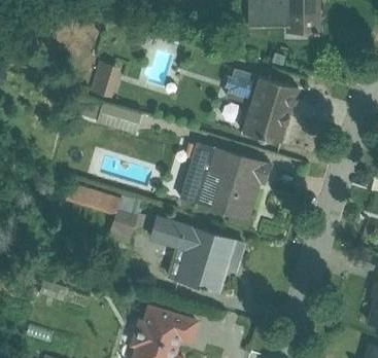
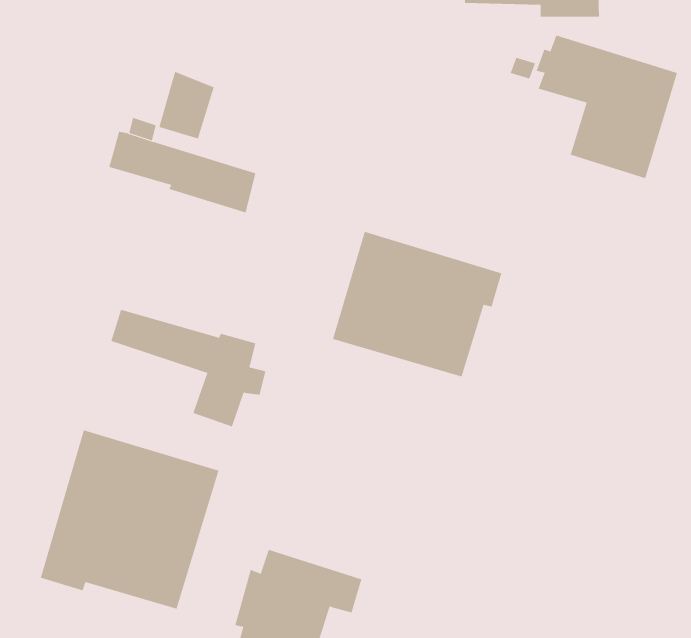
building: [226,69,299,143] -> [536,35,678,179]
building: [150,217,245,291] -> none
building: none -> [40,429,219,609]

